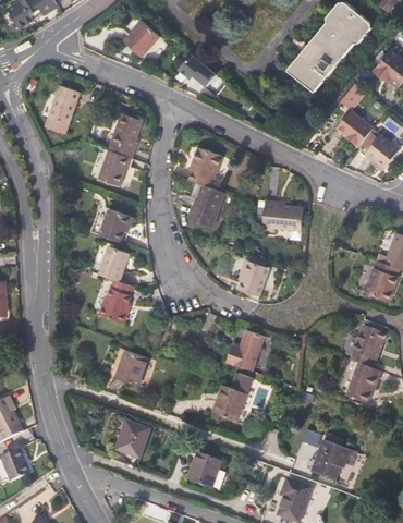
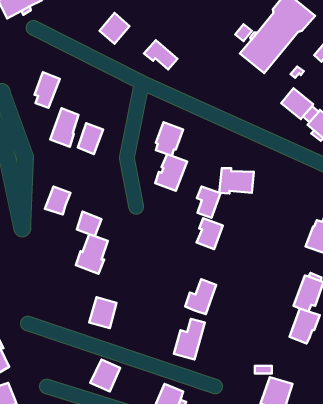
building: [110,112,143,157] -> [50,108,78,147]
building: [99,207,129,240] -> [45,186,70,215]
building: none -> [197,186,221,218]

